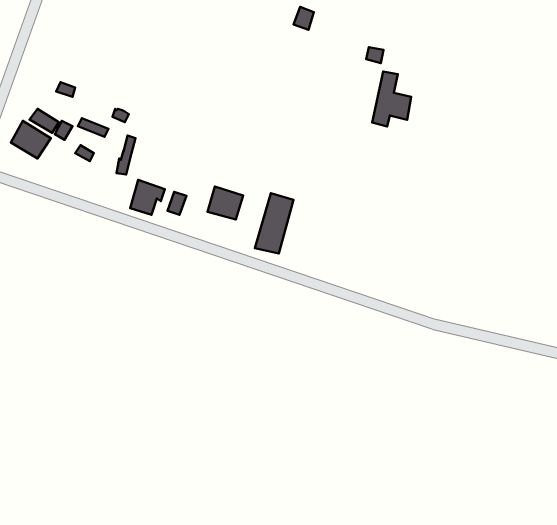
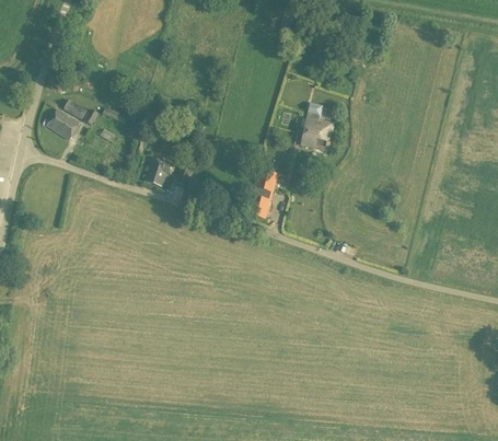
building: [372,71,411,126] -> [300,102,332,147]
building: [207,186,243,219] -> none

